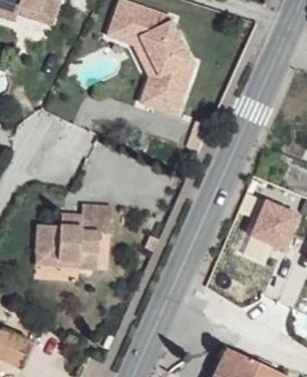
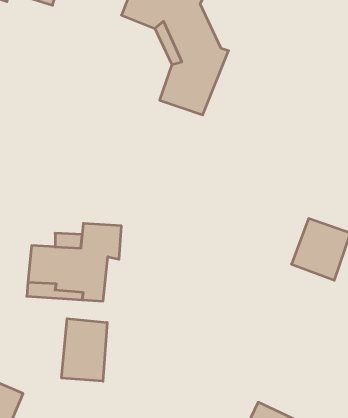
building: none -> [62,319,107,381]

